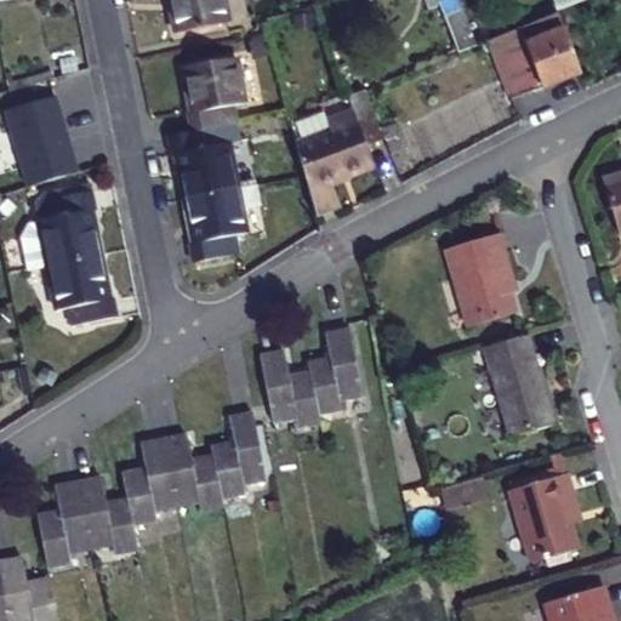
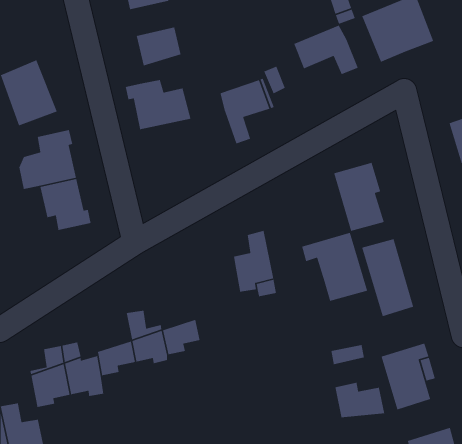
building: none -> [293,25,359,75]
building: [184,91,244,129] -> none
building: [187,177,262,260] -> none
building: none -> [301,232,368,302]
building: [263,347,321,422] -> none
building: [215,408,262,458] -> none
building: [127,435,176,488] -> none
building: none -> [334,382,385,418]

